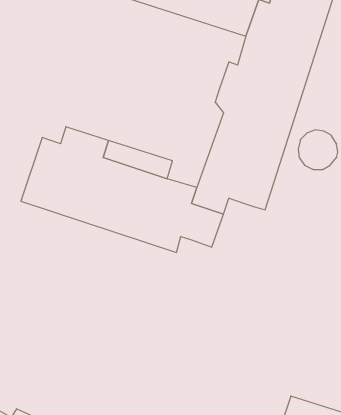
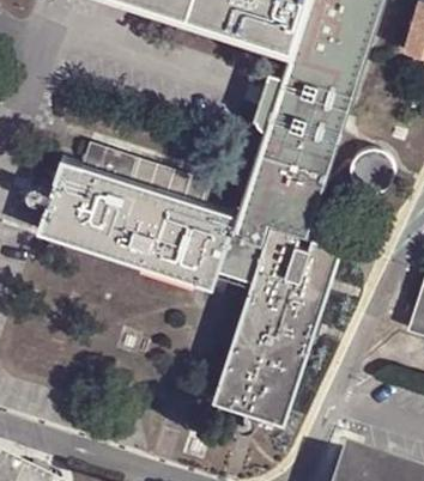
building: none -> [211,229,339,440]

